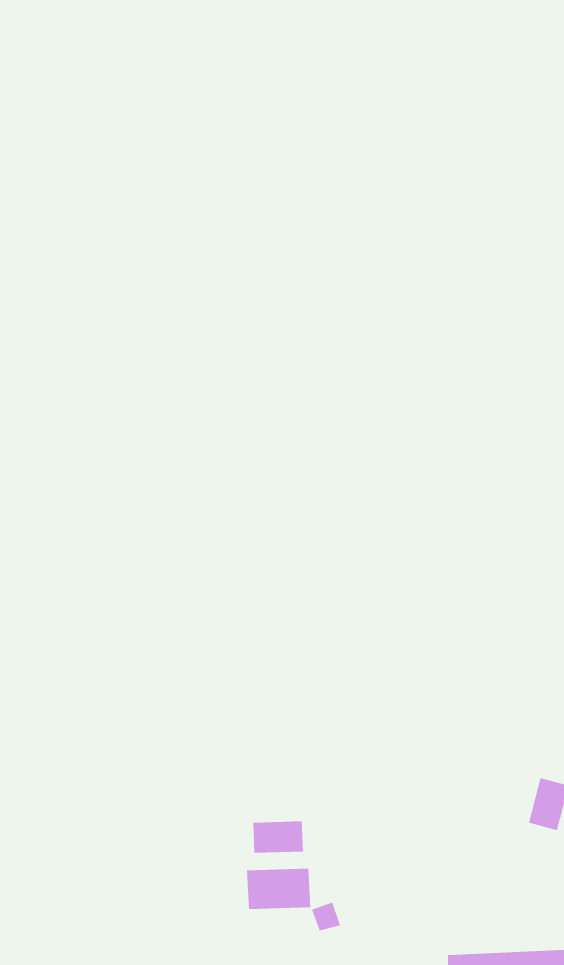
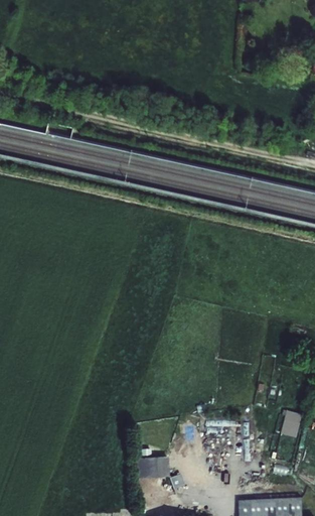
building: [253,821,303,854] -> none

